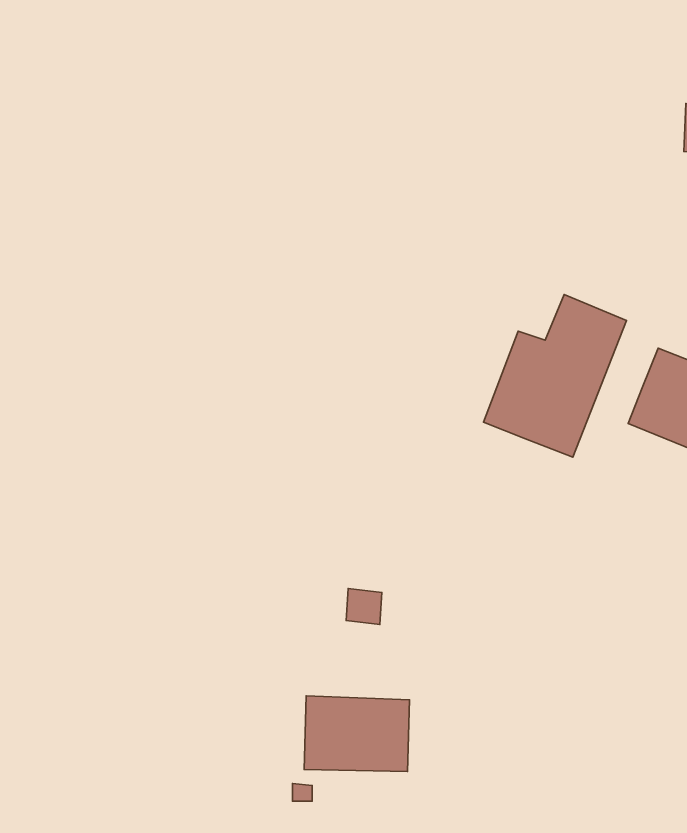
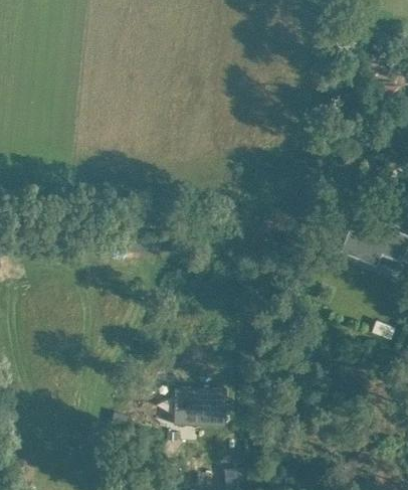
building: [484,294,626,457] -> none

